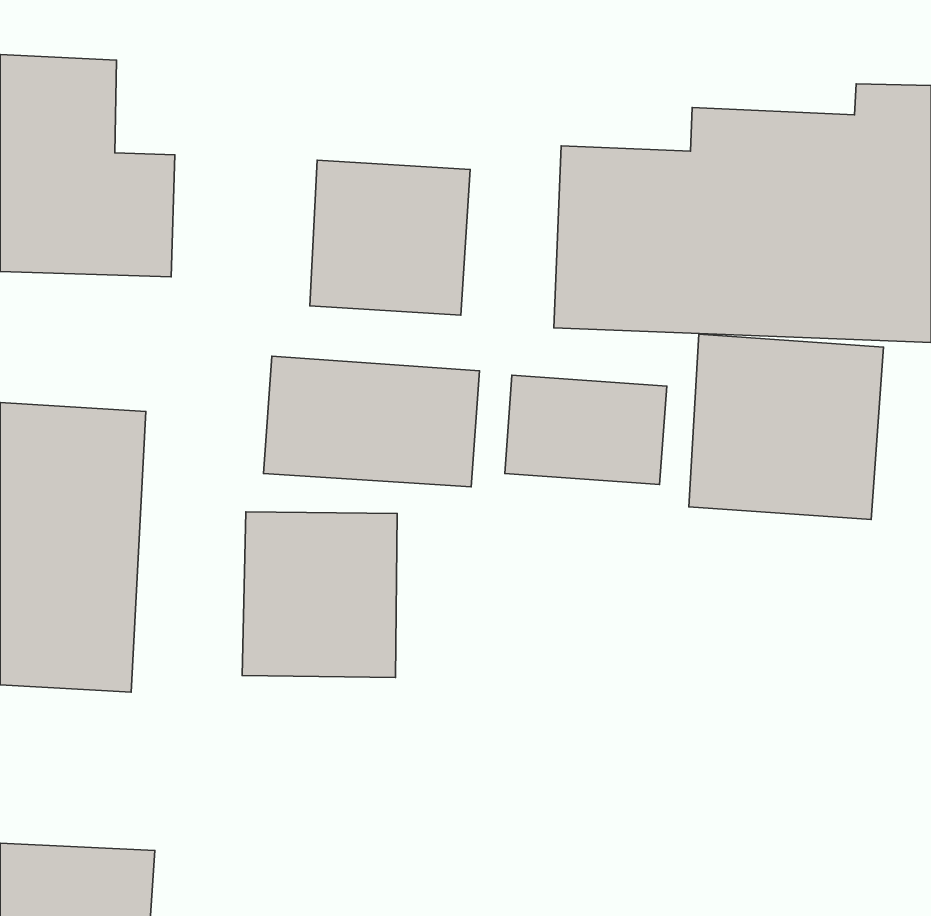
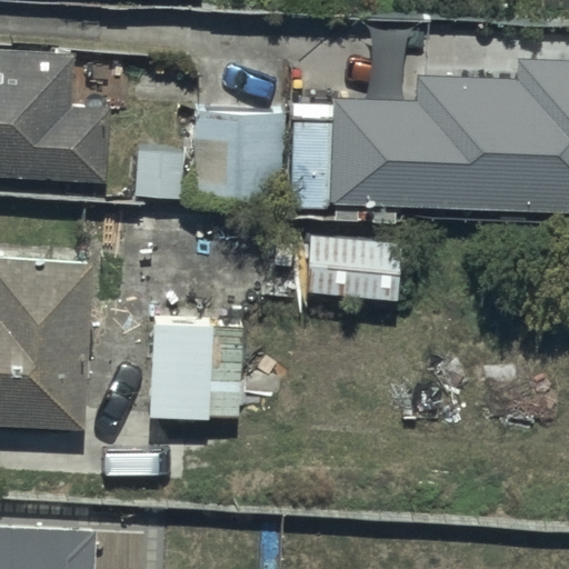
building: [689,334,883,520] -> none
building: [263,356,479,487] -> none

